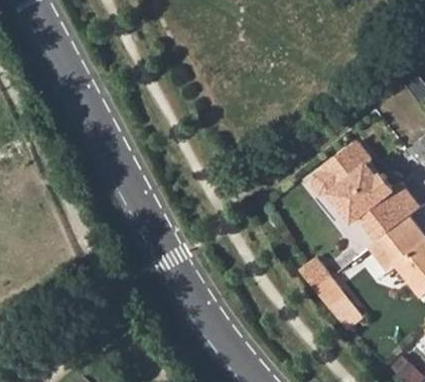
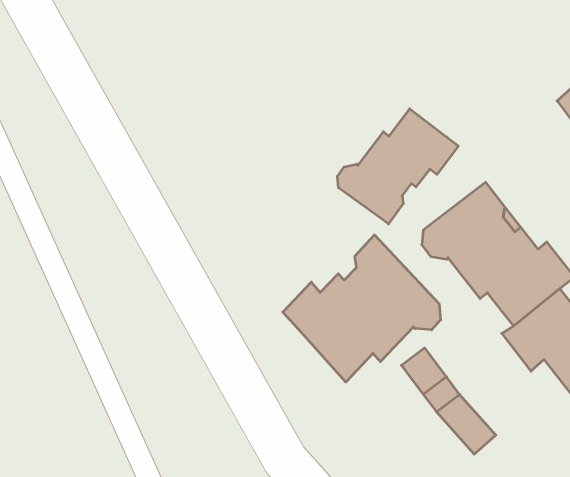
building: none -> [337,109,458,224]
building: none -> [283,235,441,382]

